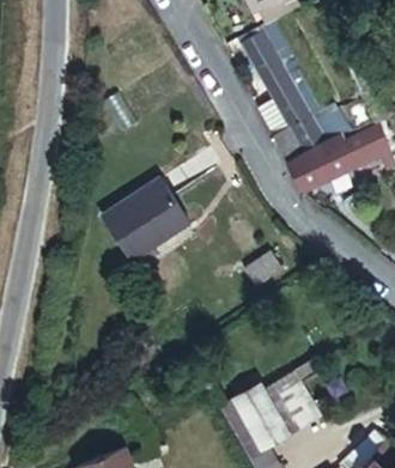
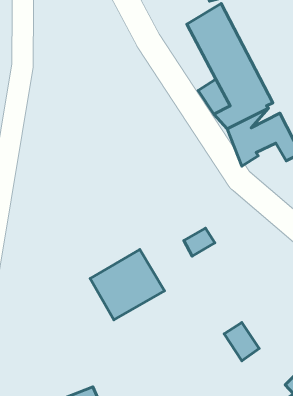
building: [93,194,180,275] -> [90,250,165,320]
building: [235,381,291,444] -> none

